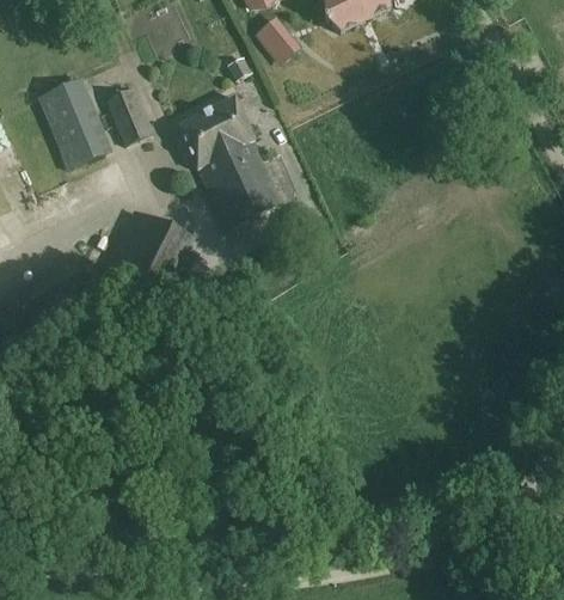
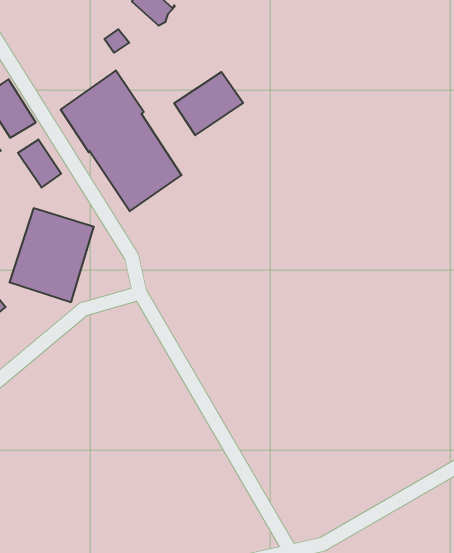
building: none -> [174,72,243,135]
building: none -> [18,139,61,188]

